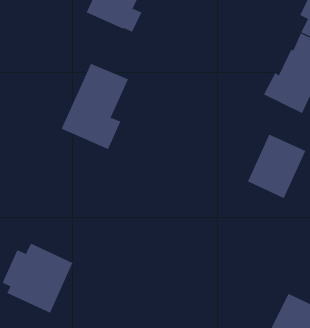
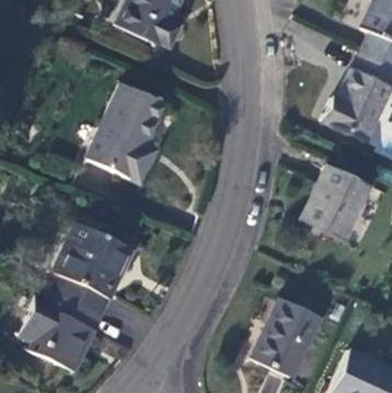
building: none -> [52,222,132,314]
building: none -> [251,298,320,378]

